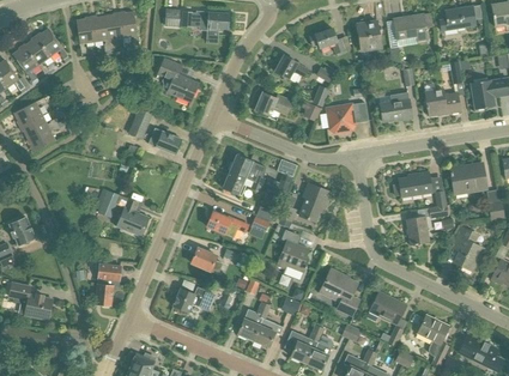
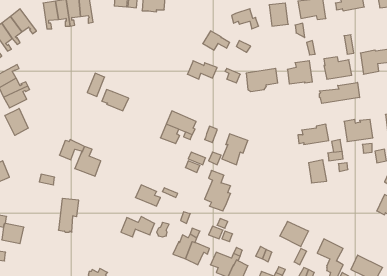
building: [157,59,198,101] -> none
building: none -> [319,82,360,103]
building: none -> [5,108,28,135]
building: [206,211,248,237] -> none
building: [452,226,481,267] -> none
building: [321,268,358,314] -> none

